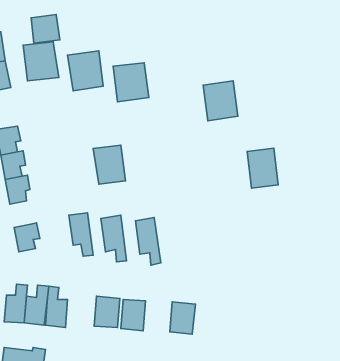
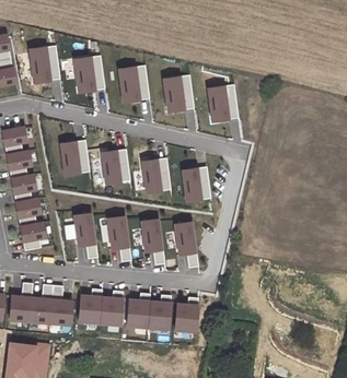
building: [31,14,60,43] -> none
building: none -> [159,73,194,111]
building: none -> [58,139,90,178]
building: [247,148,278,188] -> [180,164,210,203]
building: none -> [140,154,171,193]
building: none -> [15,199,41,226]
building: none -> [173,220,198,265]
building: none -> [77,293,101,323]
building: none -> [147,298,171,329]

